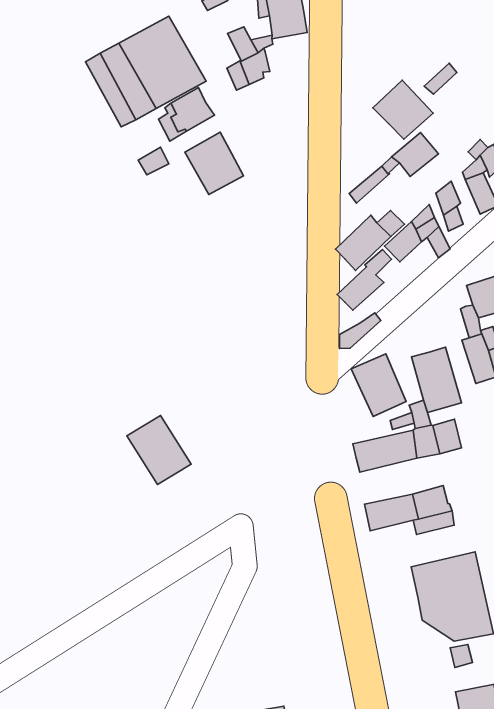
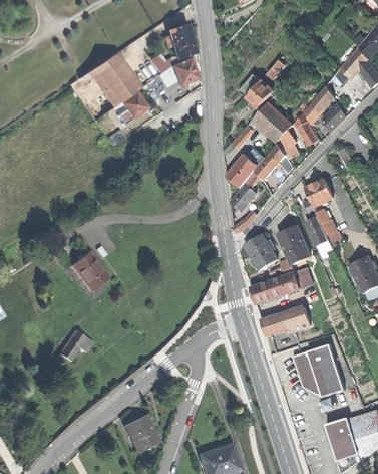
building: none -> [173,58,199,84]
building: [185,132,243,194] -> none
building: none -> [266,113,293,141]
building: [127,416,191,485] -> [71,250,110,290]
building: none -> [60,328,92,360]
building: none -> [123,416,156,452]

